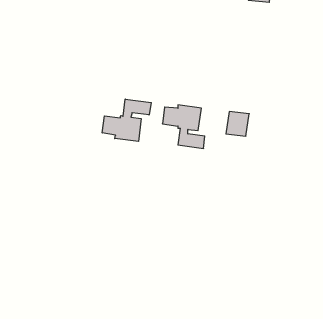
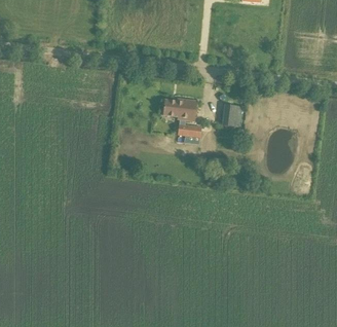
building: [102,99,151,141] -> none

